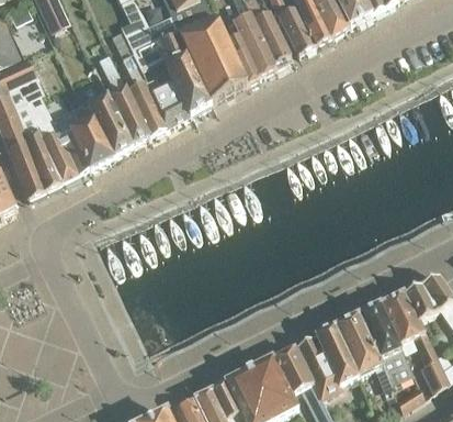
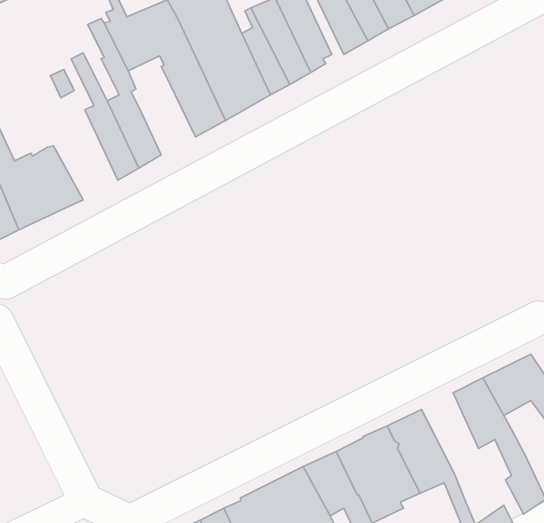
building: [149,76,190,127] -> none
building: [73,95,133,160] -> none
building: [355,302,411,384] -> none

